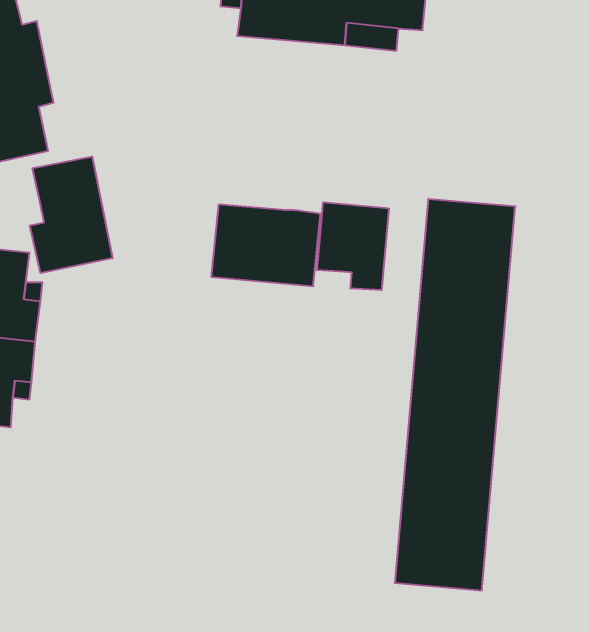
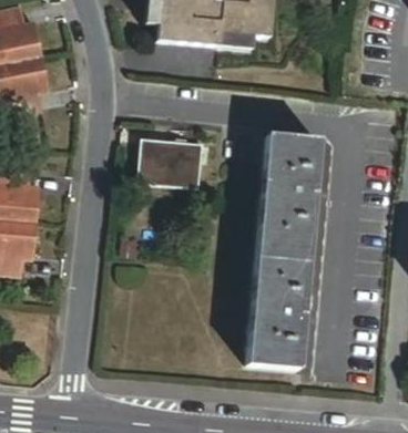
building: [30,156,113,273] -> none
building: [317,202,389,290] -> none

